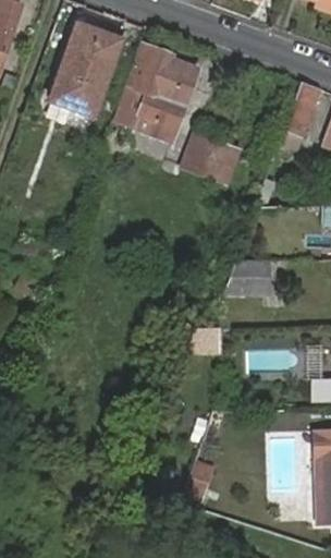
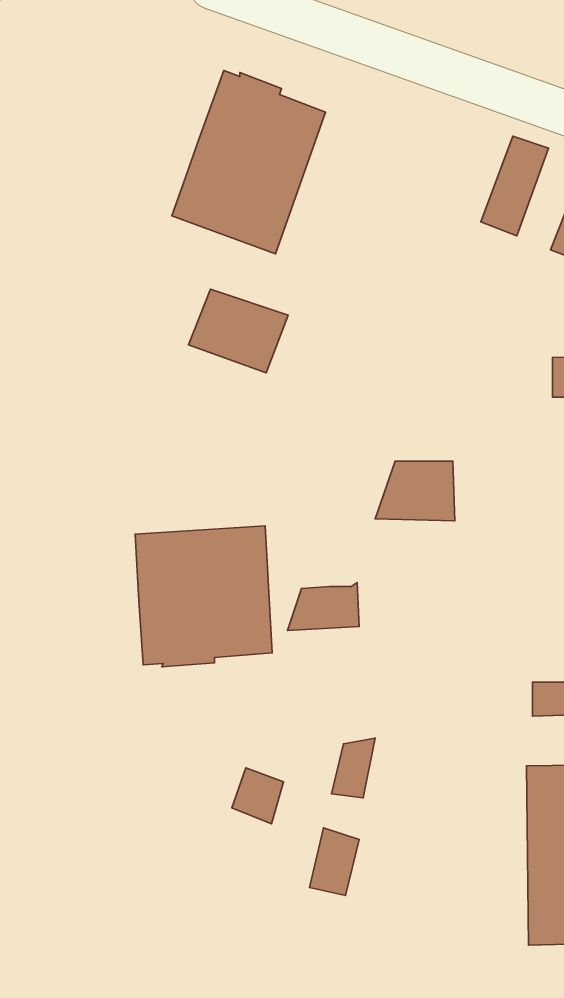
building: [50,25,119,113] -> none
building: [183,135,237,181] -> [189,289,288,373]
building: none -> [135,526,272,667]

